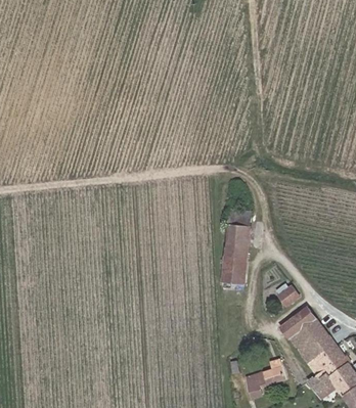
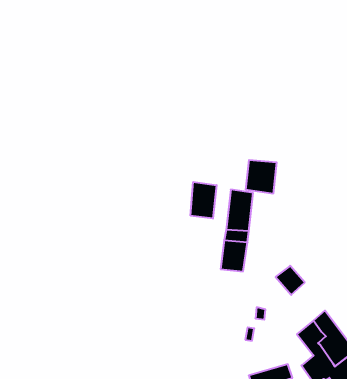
building: none -> [246,160,277,194]
building: none -> [191,182,217,219]
building: [281,308,316,341] -> none

